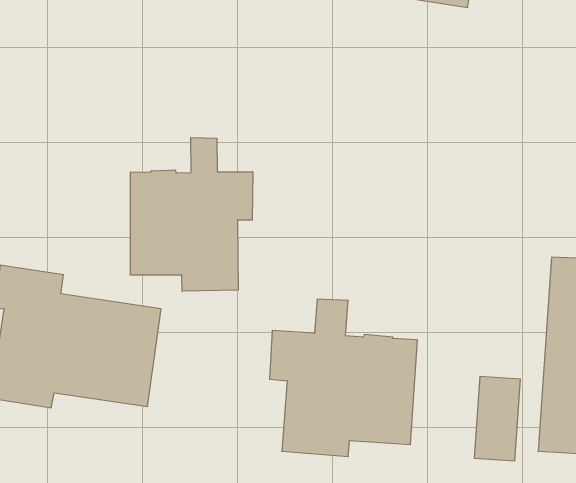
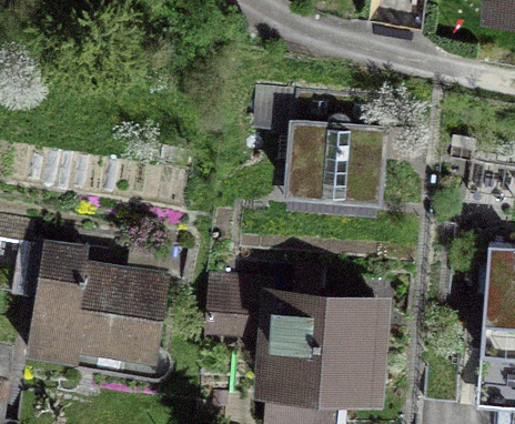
building: none -> [293,128,390,210]
building: [131,138,253,291] -> none

